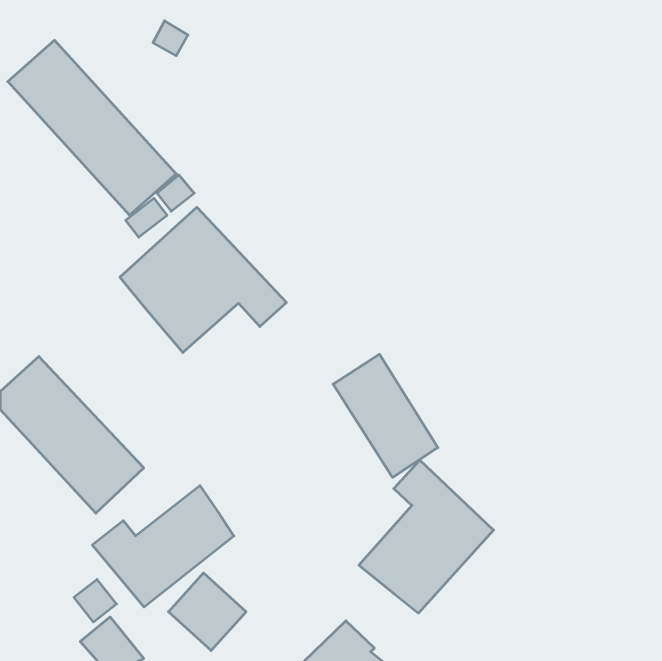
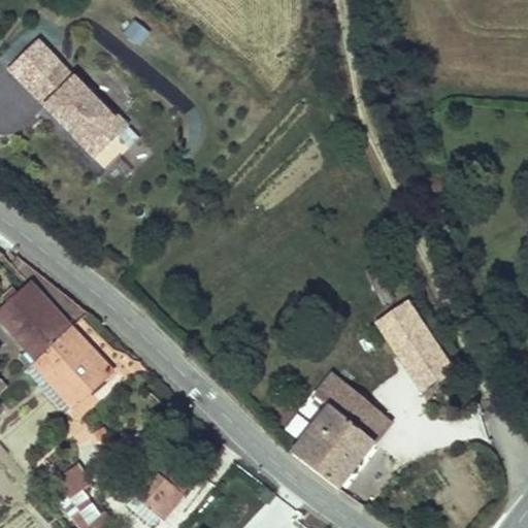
building: [120,207,286,353] -> none
building: [333,354,438,477] -> [372,295,456,393]
building: [92,486,234,607] -> none

